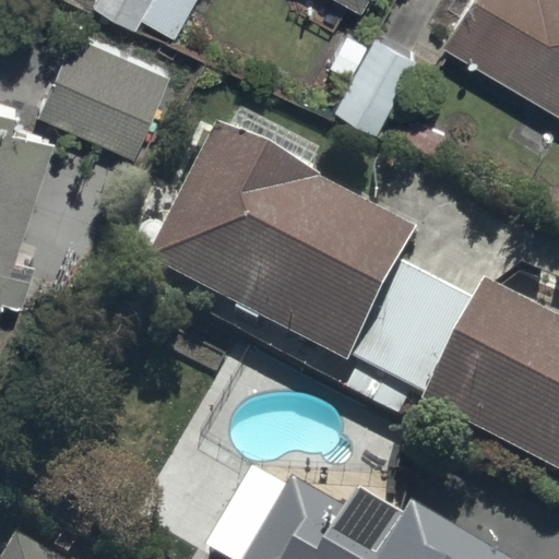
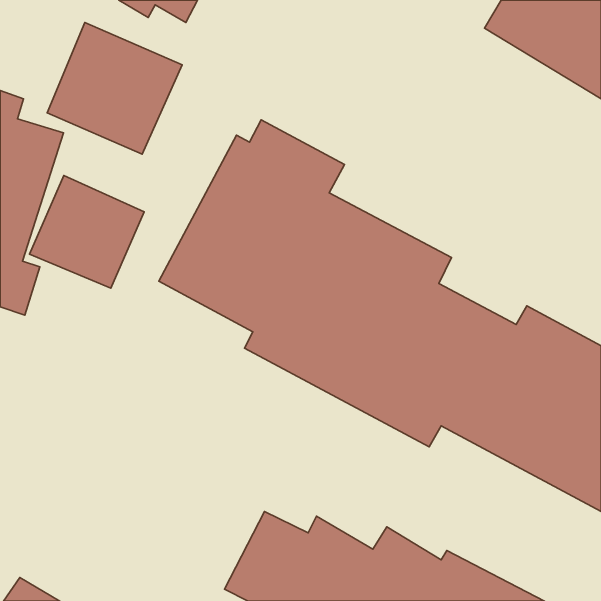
building: none -> [30,175,144,288]

